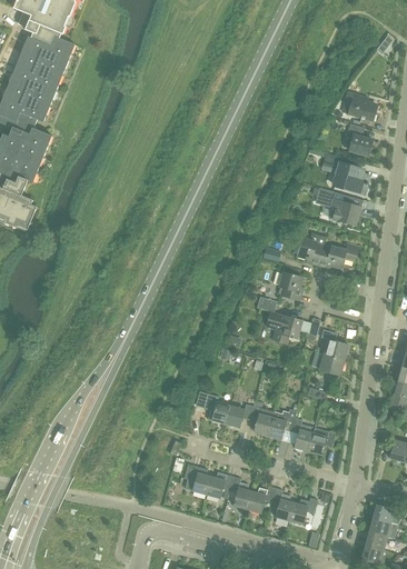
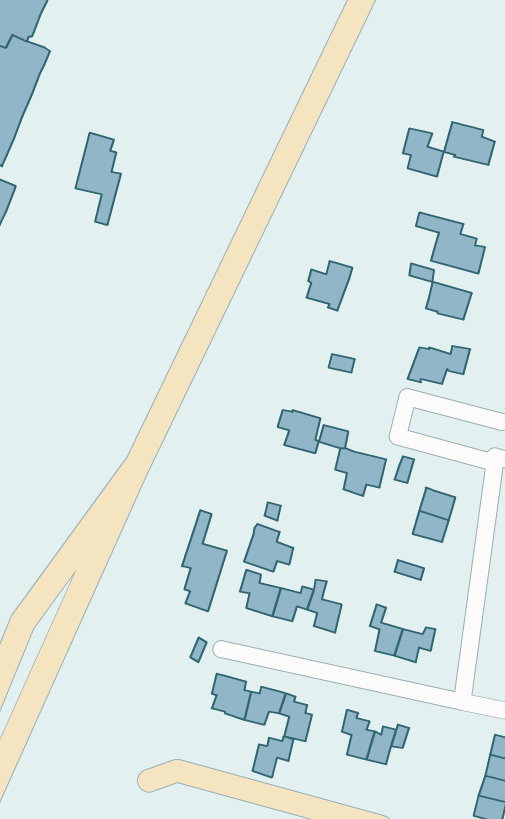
building: none -> [76,133,121,225]
building: [344,123,371,156] -> [403,129,444,176]
building: [295,231,326,264] -> [306,261,352,311]
building: [272,271,301,300] -> [278,410,320,453]
building: none -> [182,510,227,611]
building: none -> [244,524,293,572]
building: [267,408,296,439] -> none
building: [247,486,275,513] -> [252,736,294,777]

